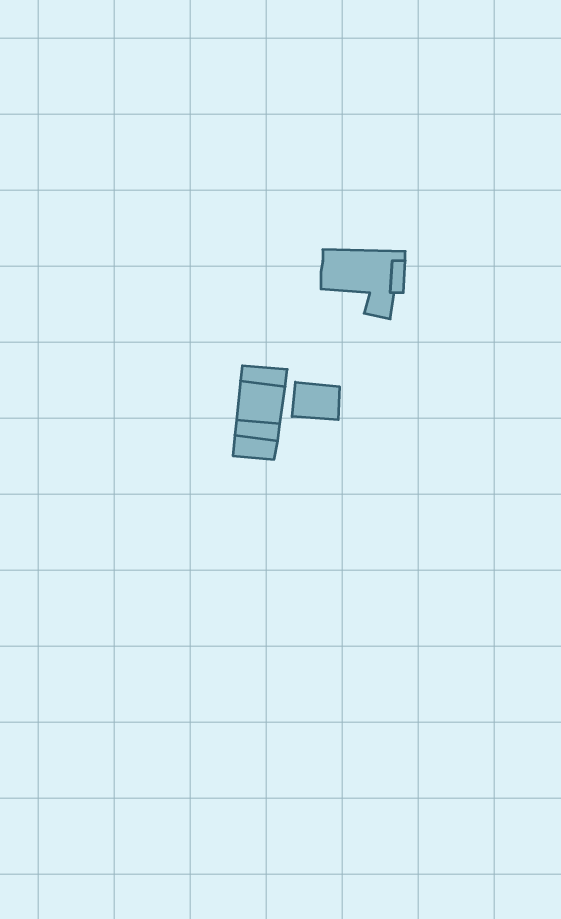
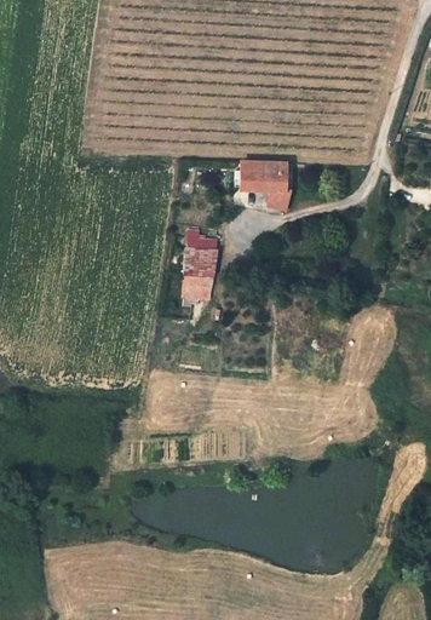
building: [292,382,339,420] -> none

